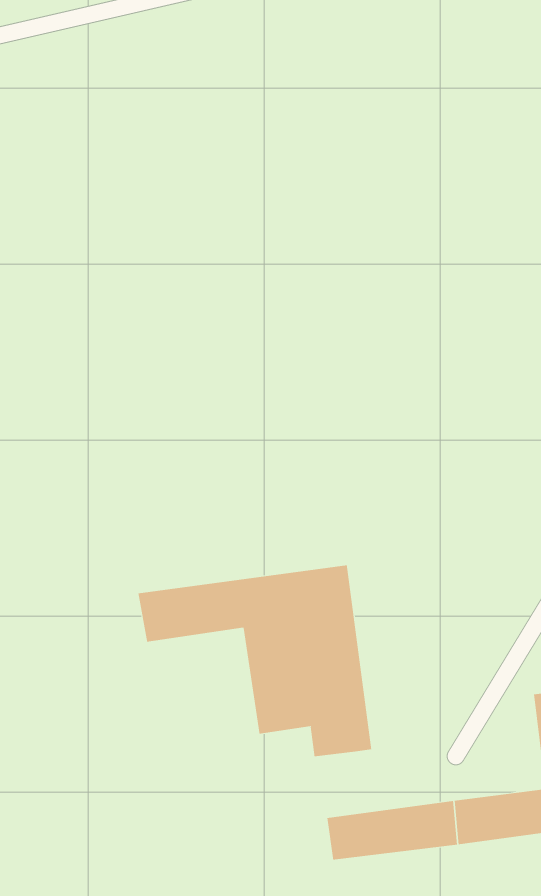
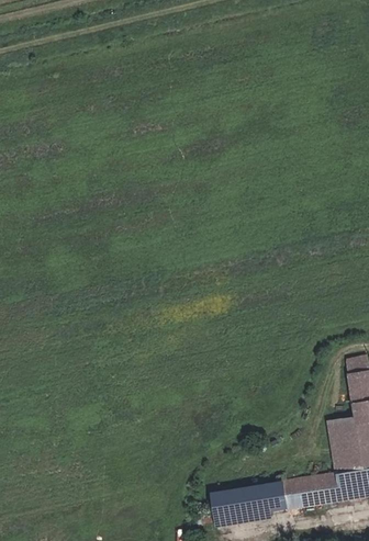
building: [138,564,372,757] -> none

